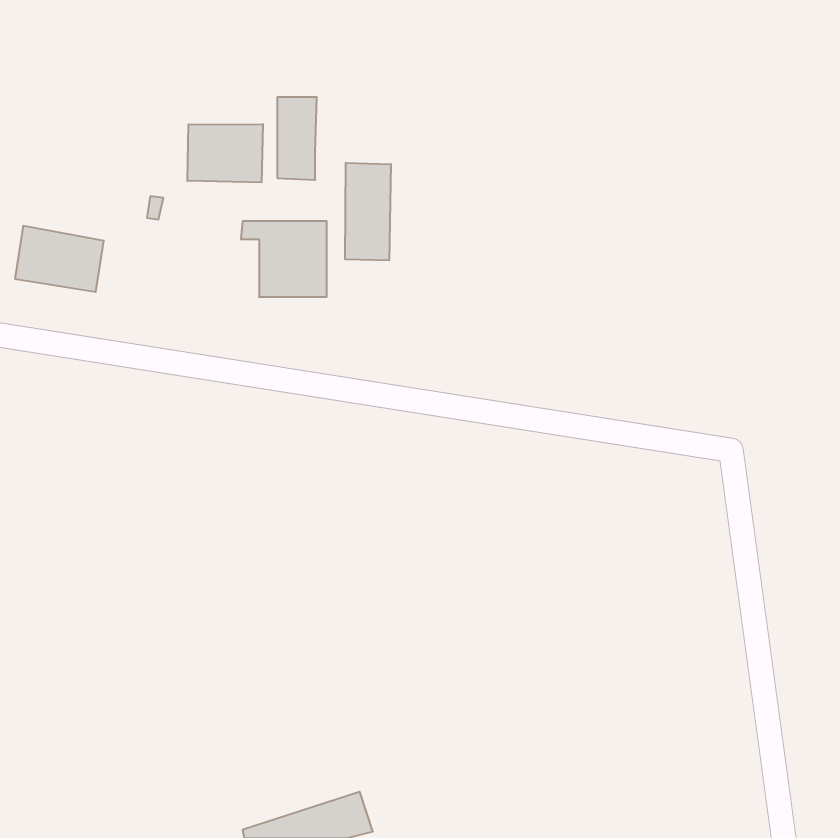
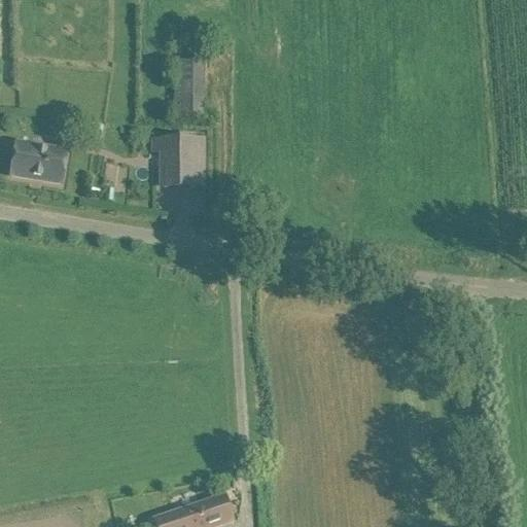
building: [187,124,263,182] -> none
building: [345,163,391,260] -> none

